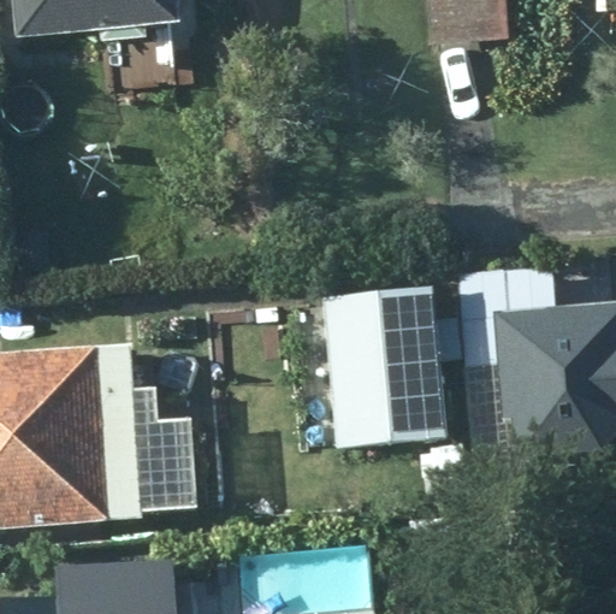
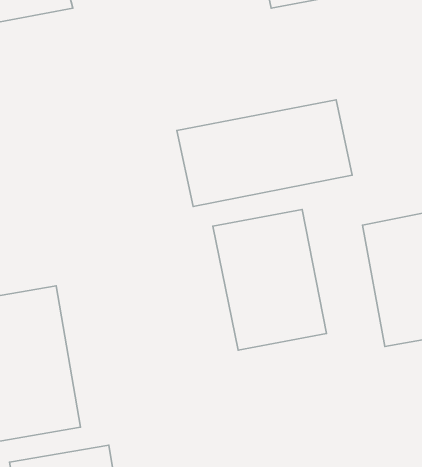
building: none -> [177,100,352,207]

